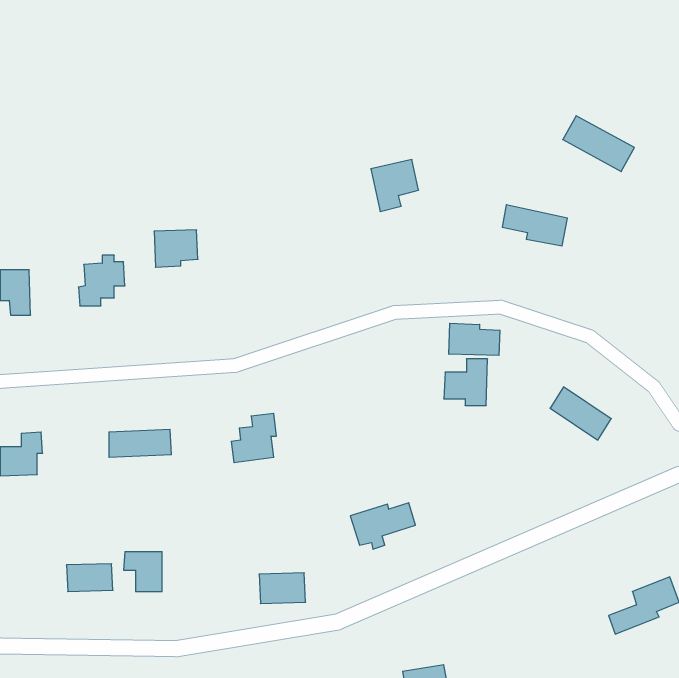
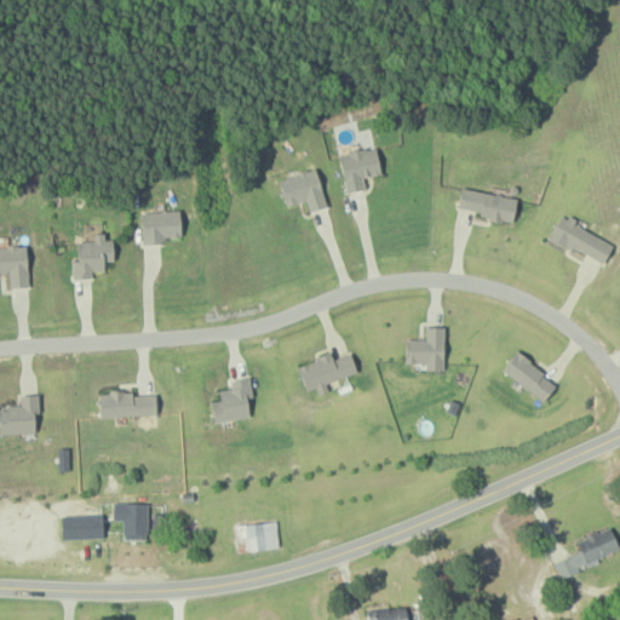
building: [563,116,634,172] -> [549,216,614,266]
building: none -> [277,168,327,213]
building: [449,323,500,355] -> none
building: [350,503,415,549] -> [297,354,356,396]

